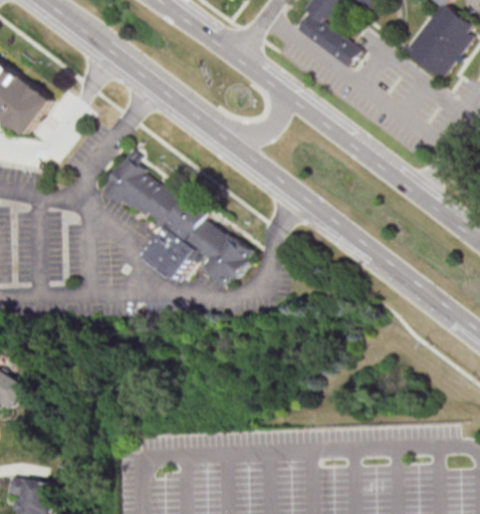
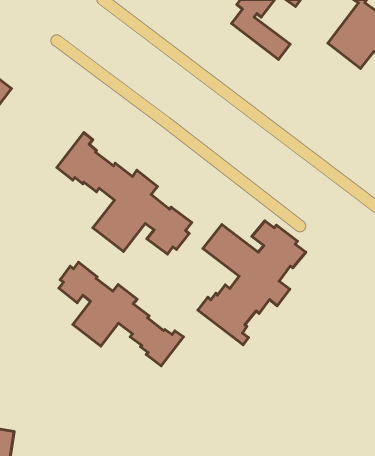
building: none -> [198,221,306,345]
building: none -> [59,262,183,366]

